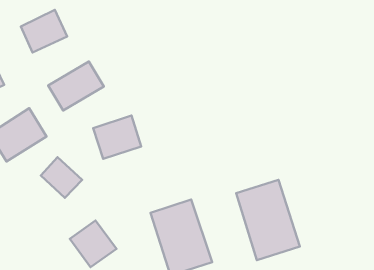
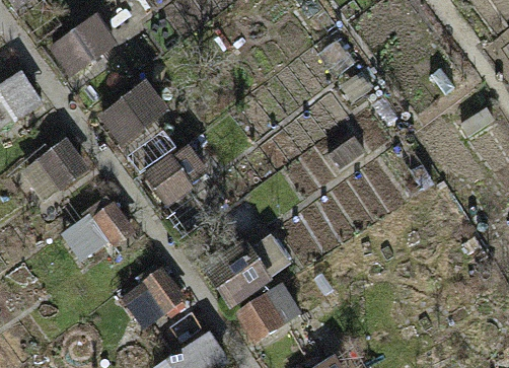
building: [236,180,300,260] -> none

